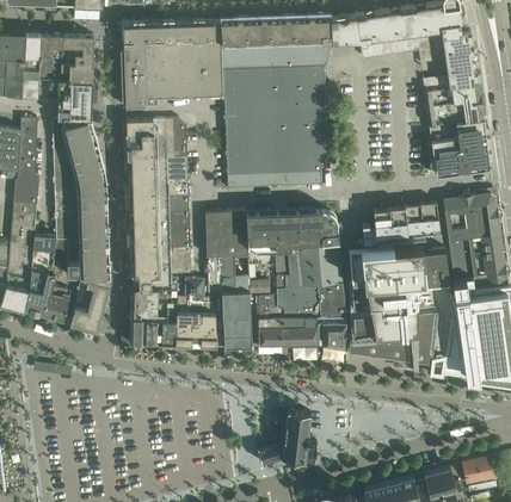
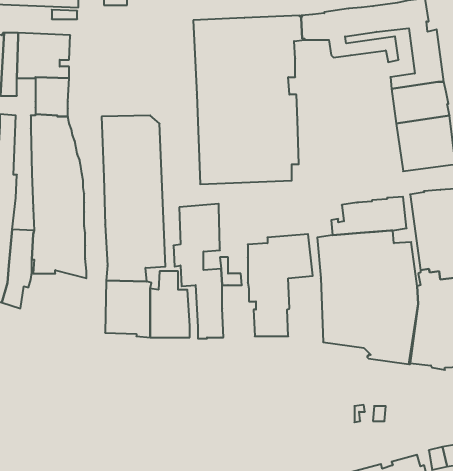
building: [119,20,223,109] -> none
building: [246,211,338,253] -> none
building: [69,278,110,333] -> none
building: [316,284,346,360] -> none
building: [42,287,70,323] -> none
building: [257,297,284,347] -> none
building: [258,410,316,464] -> none

